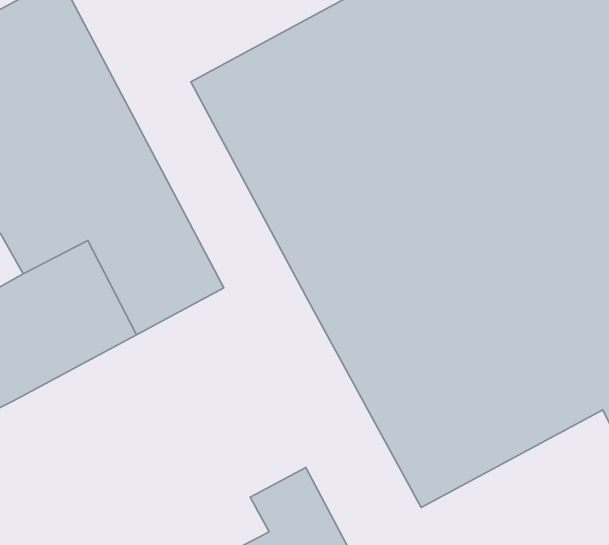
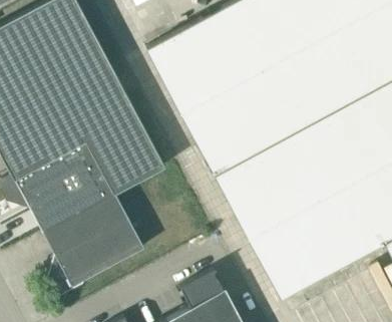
building: none -> [45,196,145,300]

